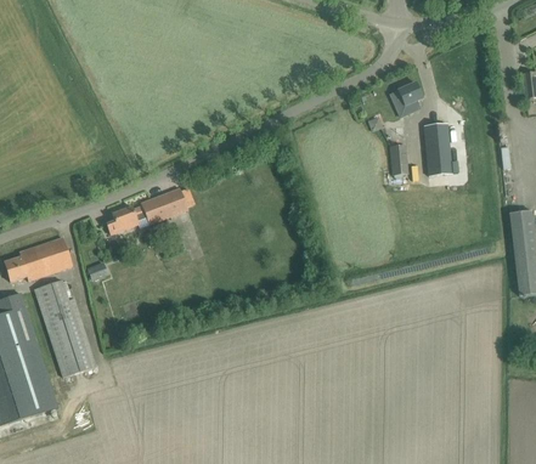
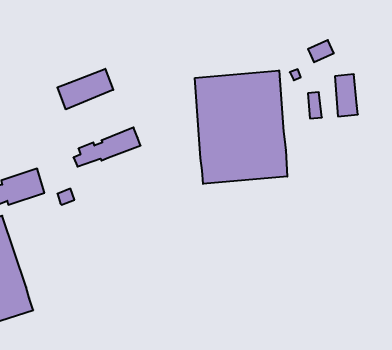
building: none -> [57,69,113,109]
building: none -> [195,70,287,184]
building: [33,278,97,377] -> none

